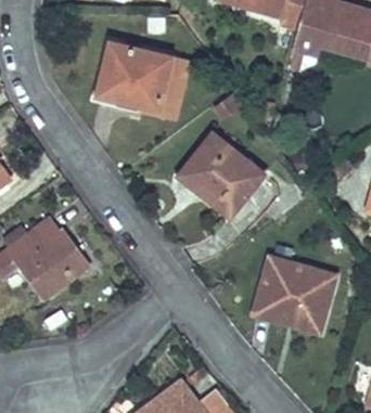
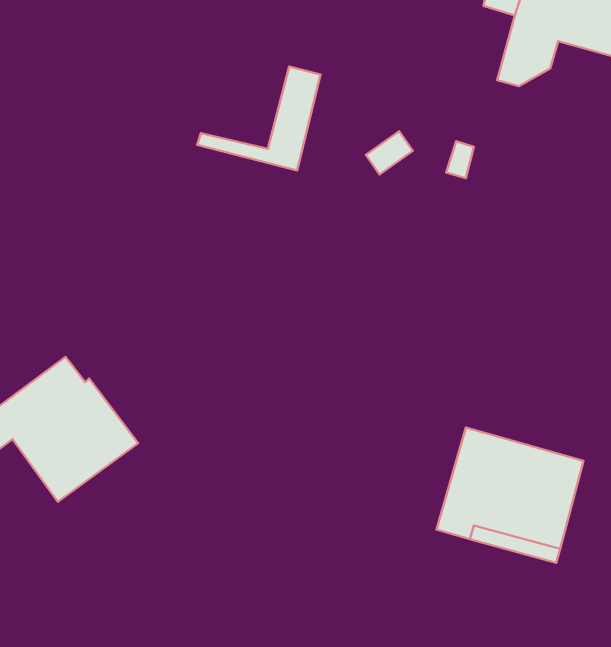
building: [97,43,171,104] -> none
building: [183,133,263,218] -> none

